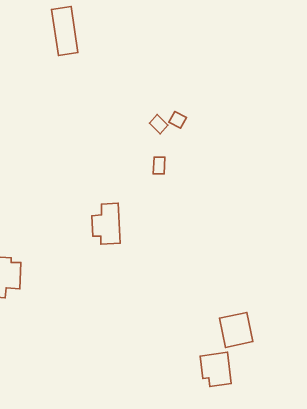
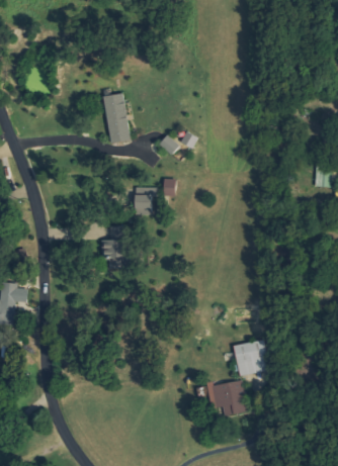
building: [52,7,78,55] -> [103,93,131,144]
building: none -> [136,187,153,215]

